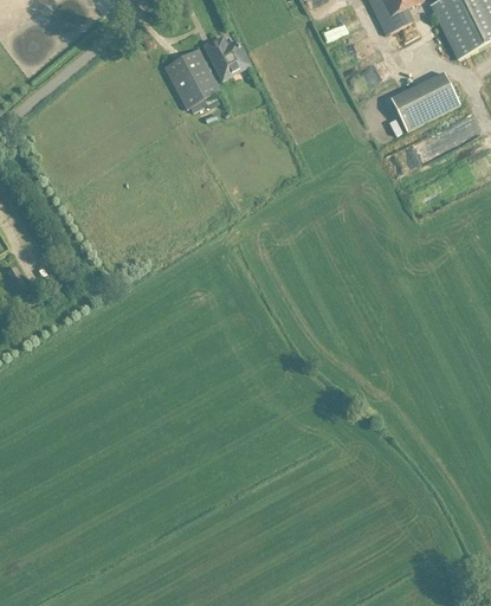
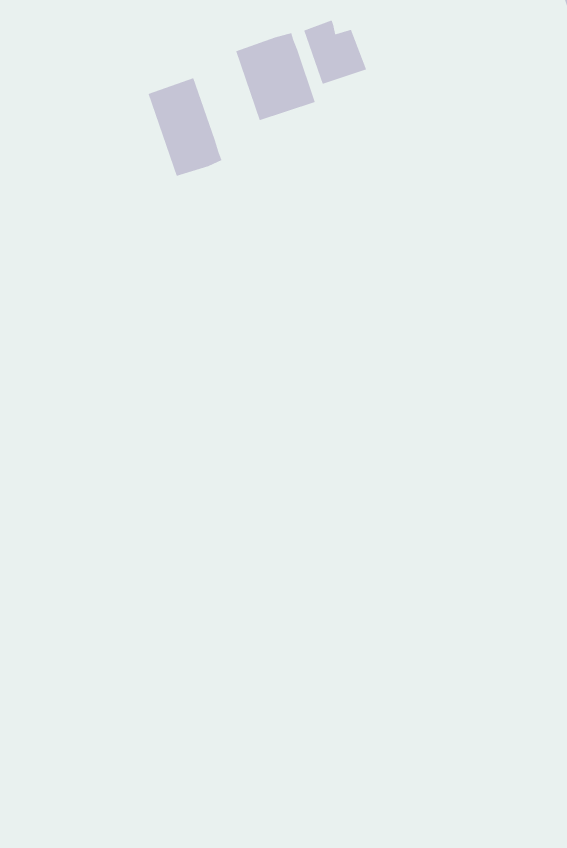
building: none -> [148,77,222,177]

